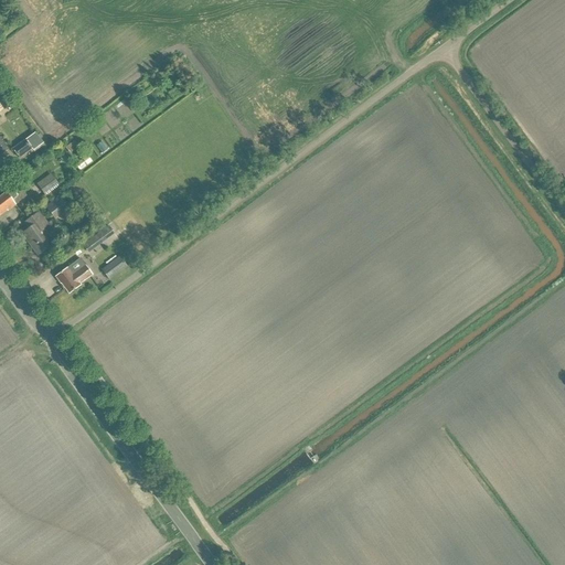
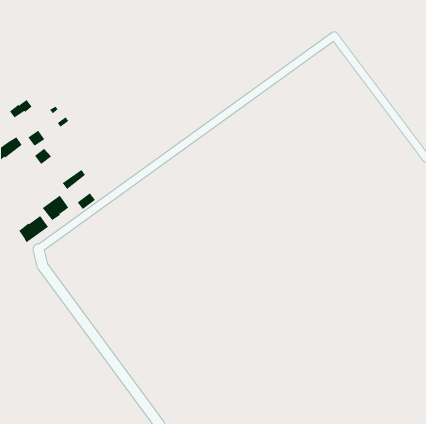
building: [22,214,54,254] -> none
building: none -> [18,215,49,243]

